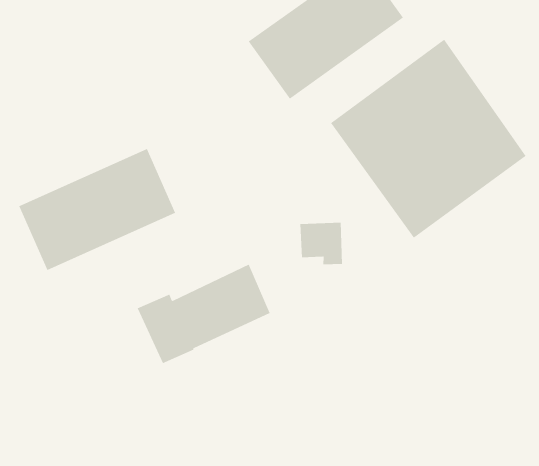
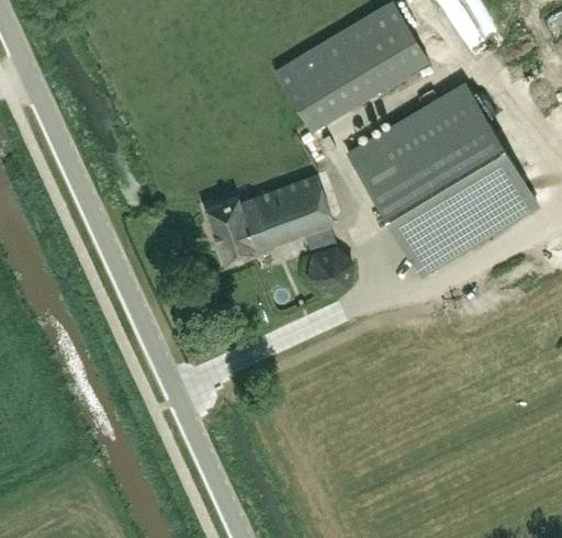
building: [19,148,176,271] -> none
building: [137,264,271,364] -> [205,176,334,265]

